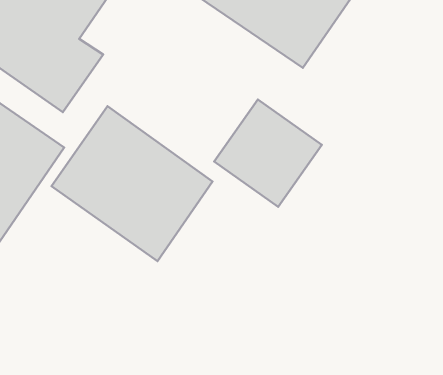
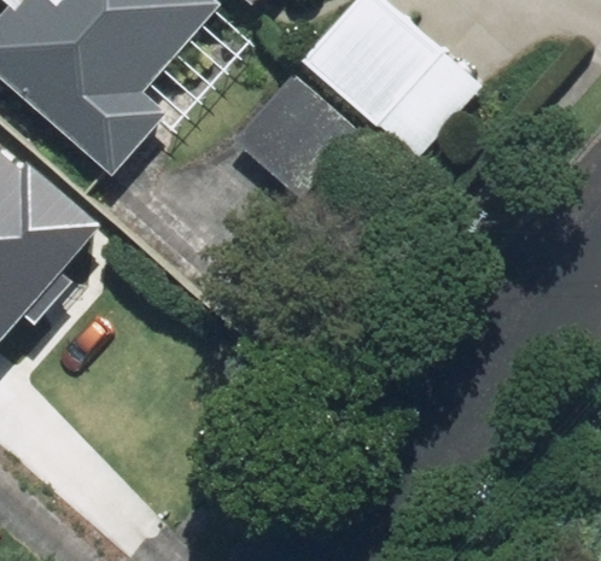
building: [214,99,322,207] -> [231,72,364,206]
building: [51,106,213,261] -> none

